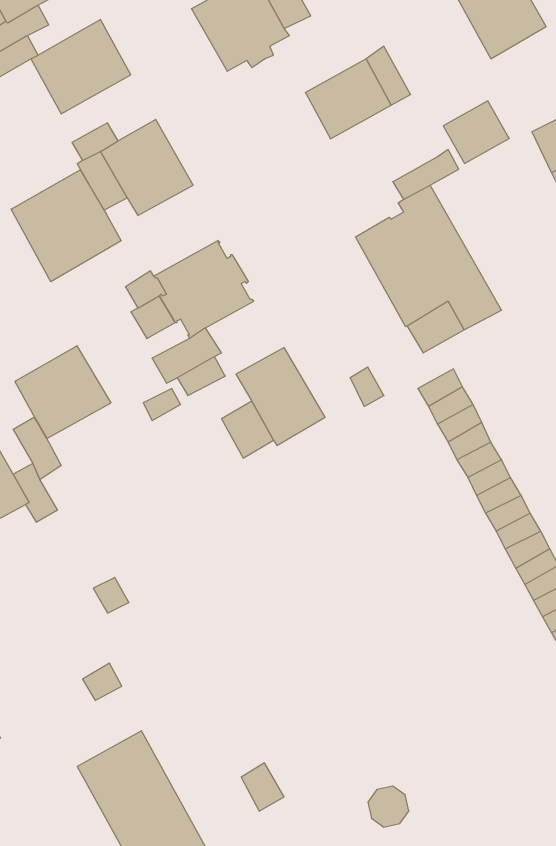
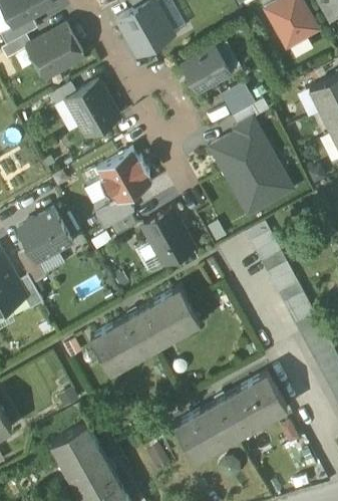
building: [443,101,509,163] -> [220,81,257,116]
building: [11,170,121,282] -> none
building: none -> [89,289,198,374]
building: none -> [174,375,288,464]

